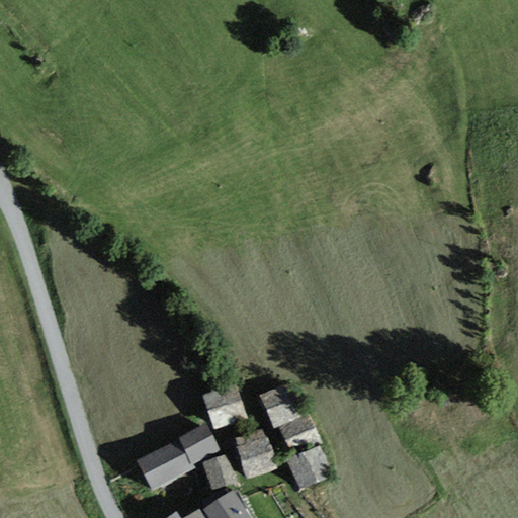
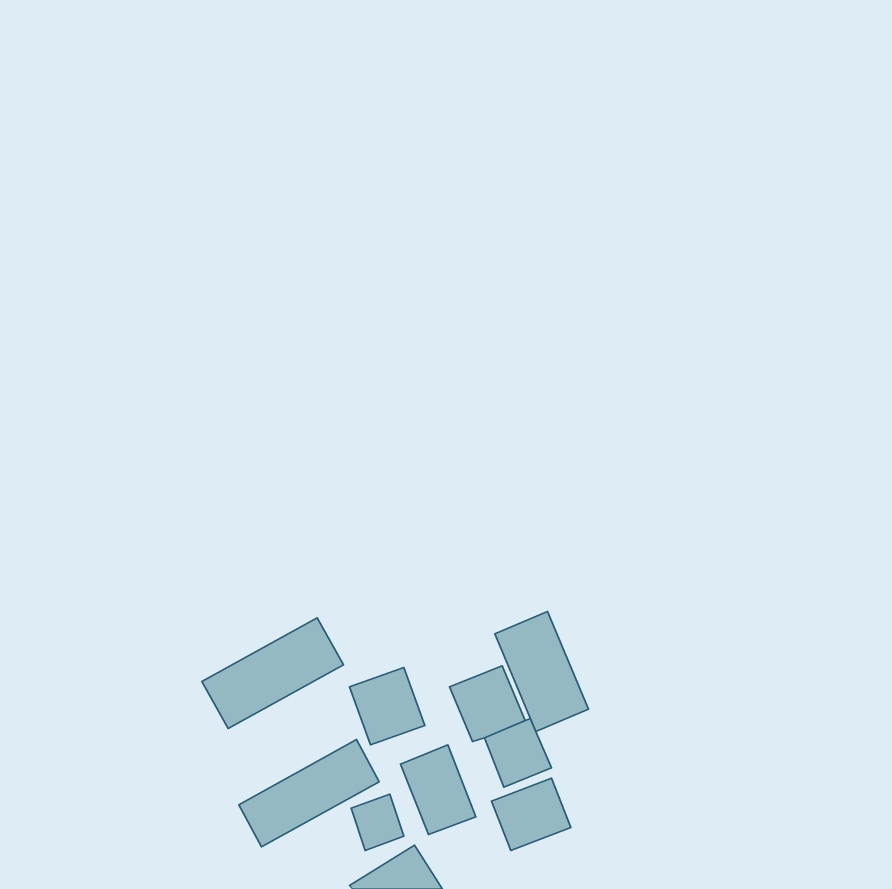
building: none -> [495,612,588,732]
building: none -> [202,618,343,729]

